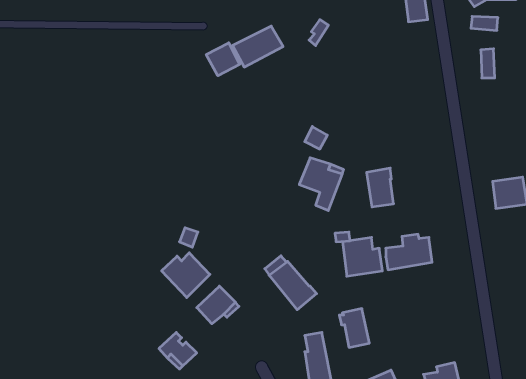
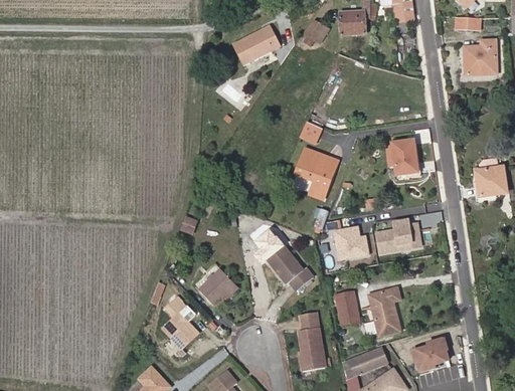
building: none -> [340,11,365,35]
building: none -> [476,39,497,74]
building: [206,43,240,76] -> none
building: [367,168,394,207] -> [391,139,416,175]
building: [162,253,210,298] -> none
building: none -> [368,288,397,334]

